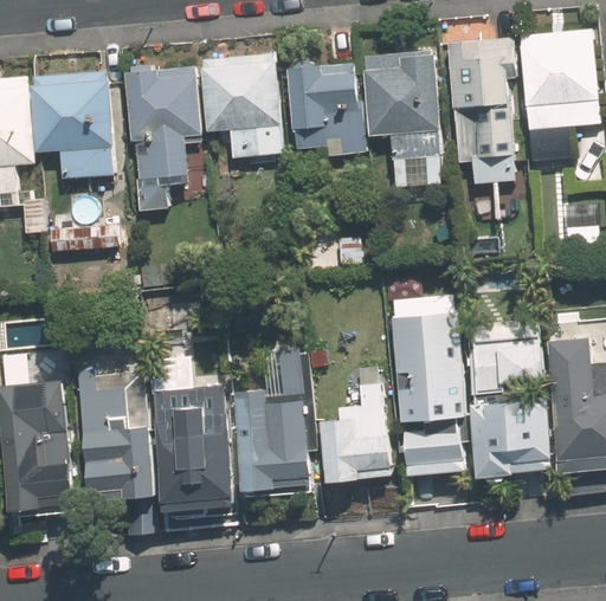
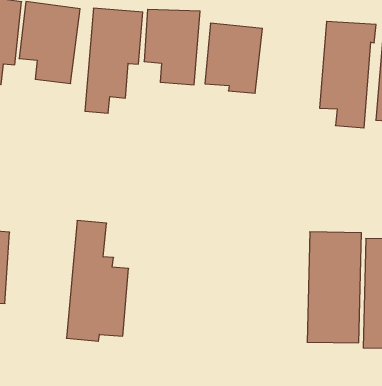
building: [363,53,443,187] -> none
building: [389,310,470,476] -> none
building: [233,350,308,496] -> none
building: [76,377,153,498] -> none
building: [321,381,394,480] -> none

